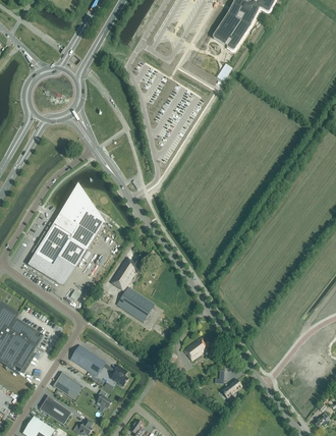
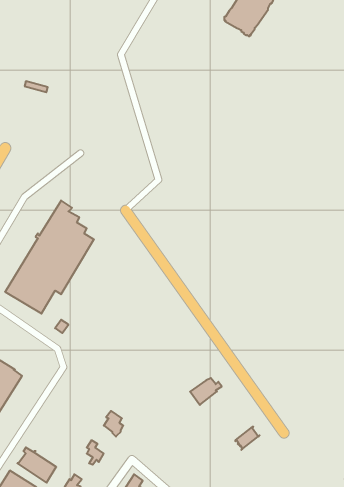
building: [110,254,155,321] -> none
building: [70,344,105,375] -> none
building: [53,372,82,399] -> none

